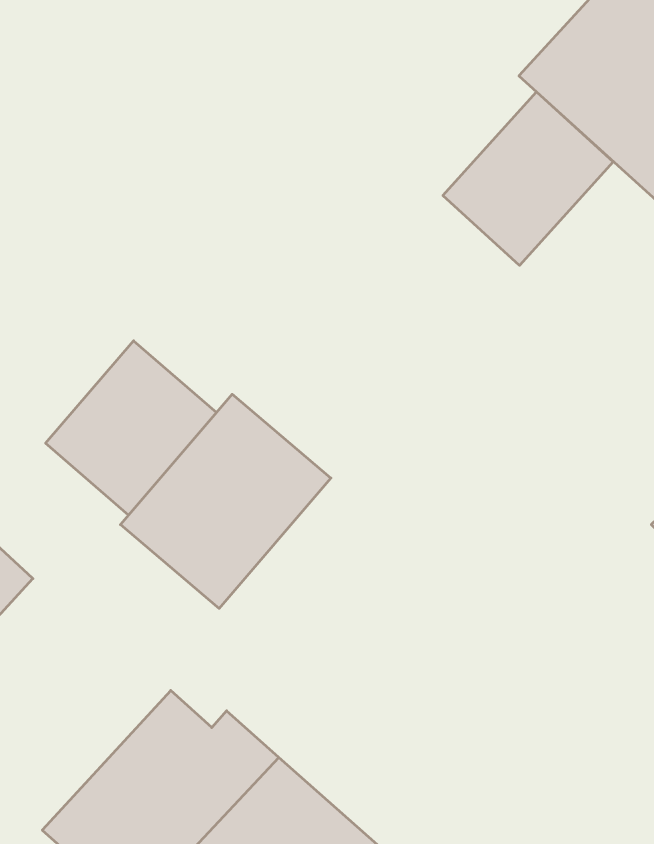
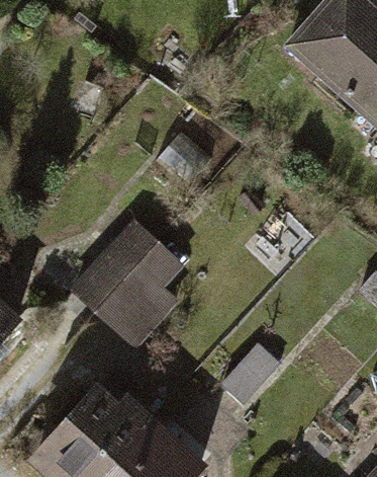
building: [443,92,613,265] -> none
building: [46,341,217,515] -> none

